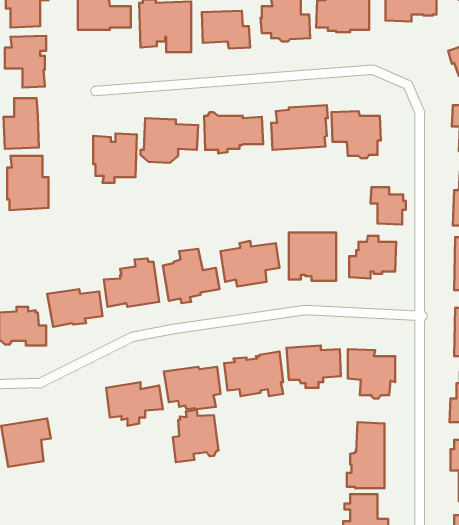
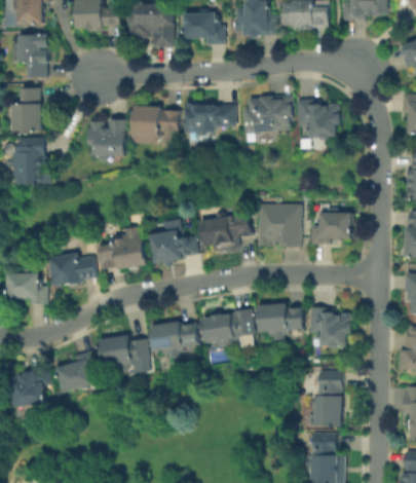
building: [371,187,406,224] -> none
building: none -> [55,349,99,394]
building: [173,410,219,462] -> none

